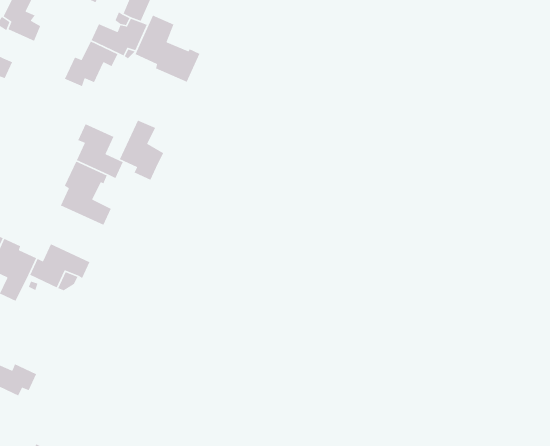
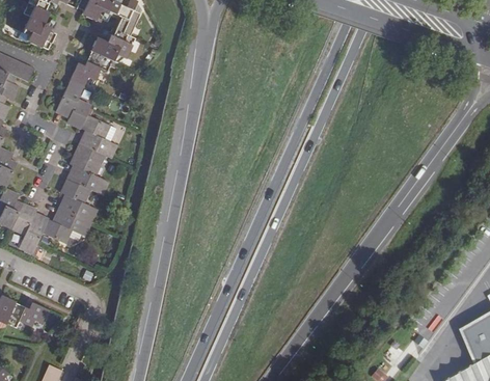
building: [134,14,200,83] -> none
building: [119,120,164,181] -> [55,80,90,128]
building: none -> [59,179,97,222]

